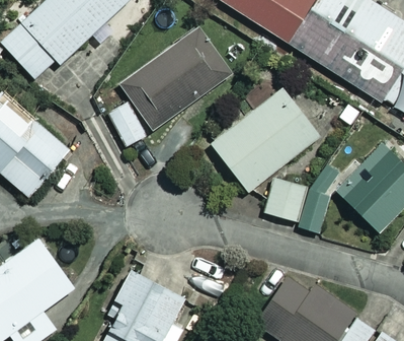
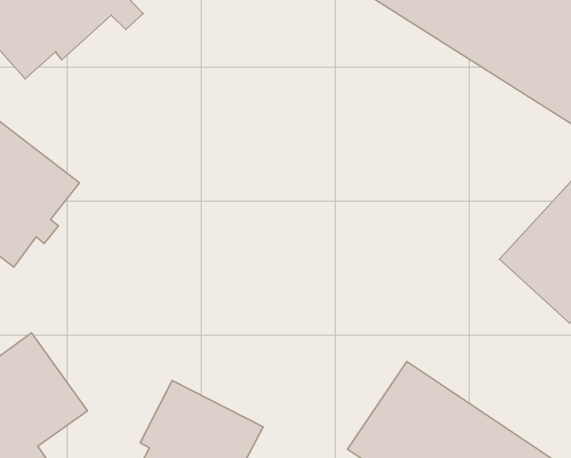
building: [104,33,230,145] -> none
building: [211,87,320,192] -> none
building: [264,177,332,229] -> none

